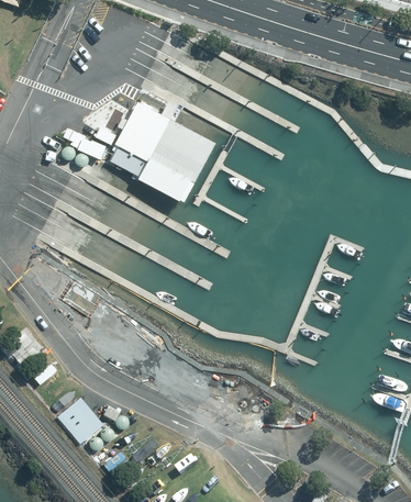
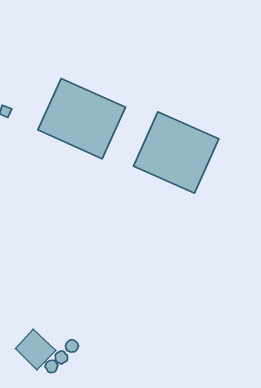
building: none -> [134,112,219,193]

